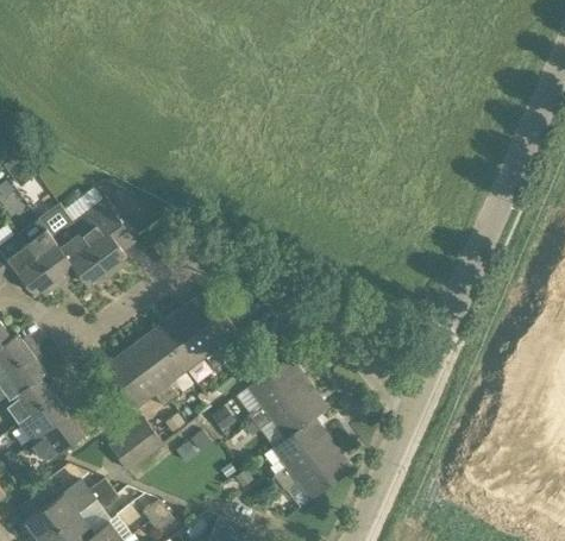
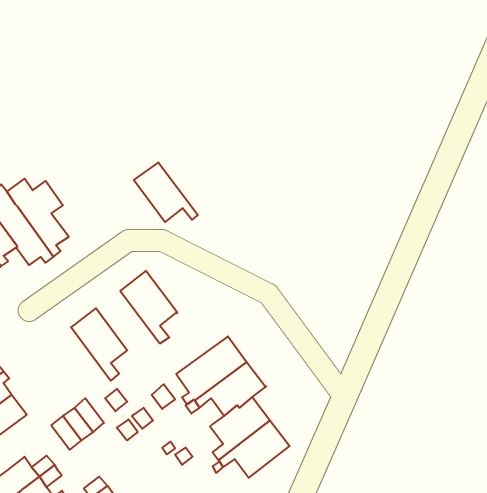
building: [153,310,219,371] -> [134,162,198,222]
building: [102,347,169,409] -> none

